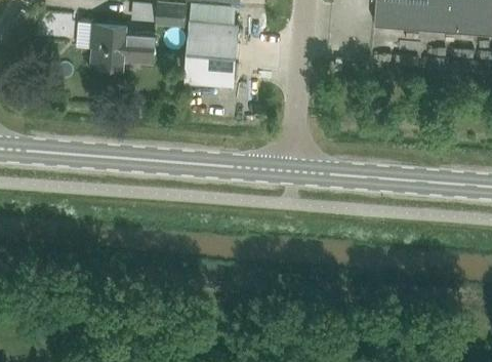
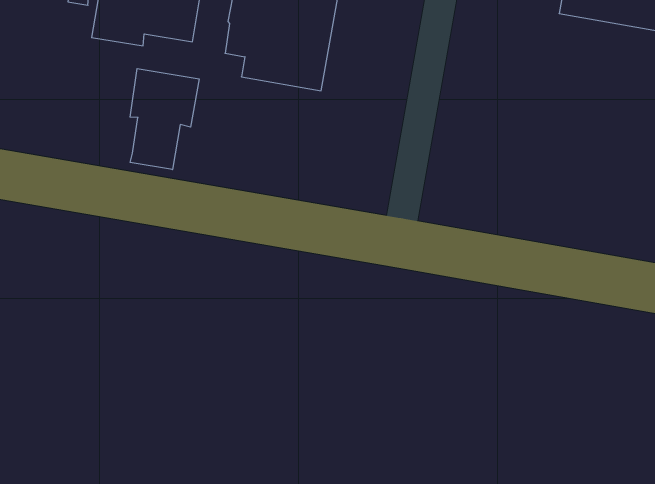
building: none -> [130,69,199,170]

